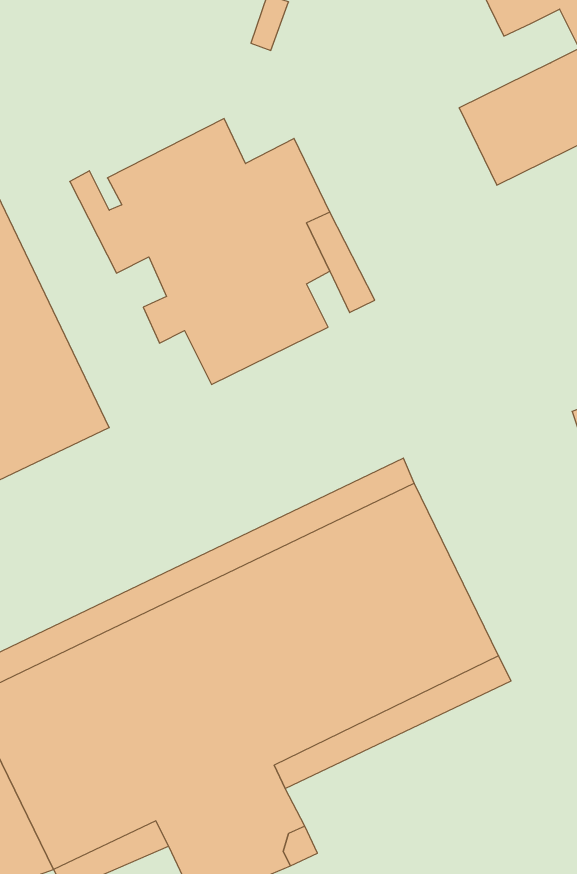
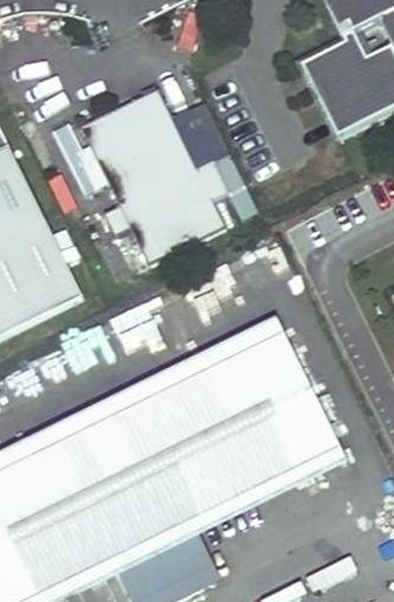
building: none -> [304,27,374,83]

